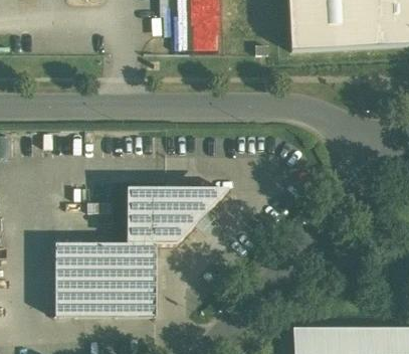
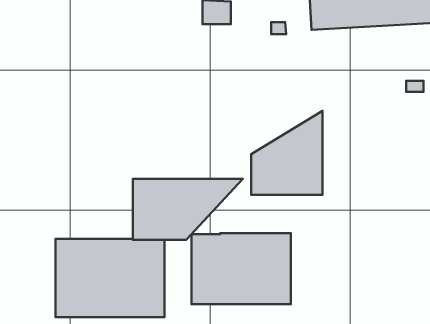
building: none -> [251,111,323,195]
building: none -> [191,233,291,304]

